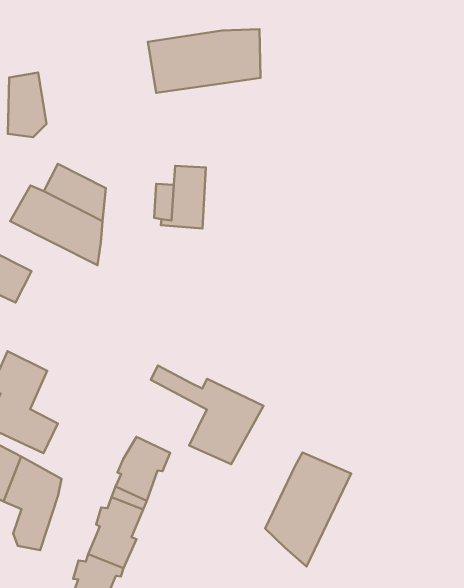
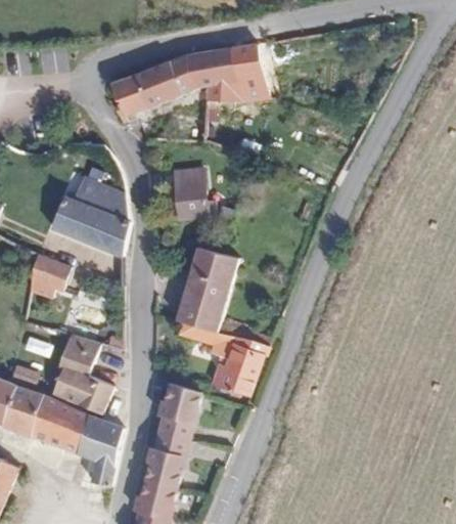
building: none -> [204,42,266,112]
building: [8,73,46,137] -> [117,69,151,121]
building: none -> [178,247,236,337]
building: [265,453,351,566] -> none

